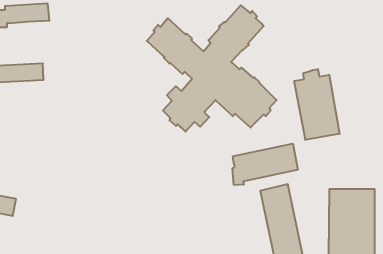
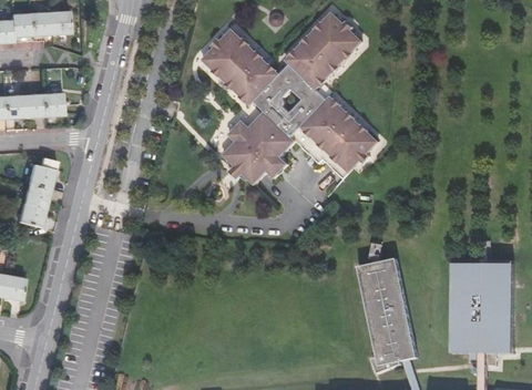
building: [294,69,340,140] -> none
building: none -> [17,156,55,227]
building: [233,144,298,185] -> none

